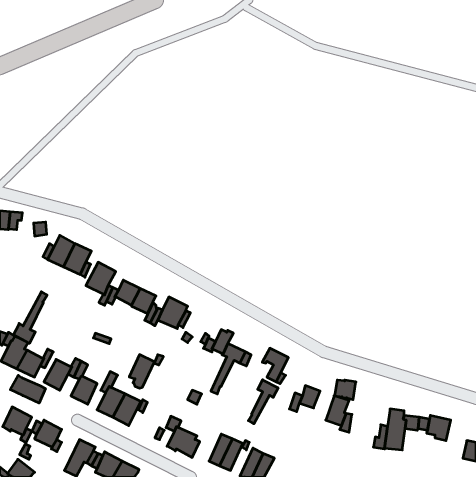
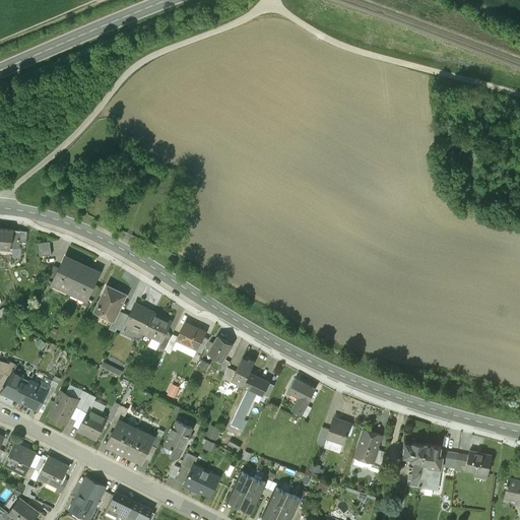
building: [13,292,47,343] -> none
building: none -> [206,336,232,363]
building: [129,355,155,388] -> [164,421,191,458]
building: [10,375,45,403] -> none
building: [248,380,278,424] -> none
building: [334,380,356,400] -> [401,443,425,464]

